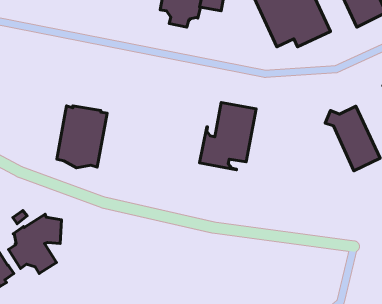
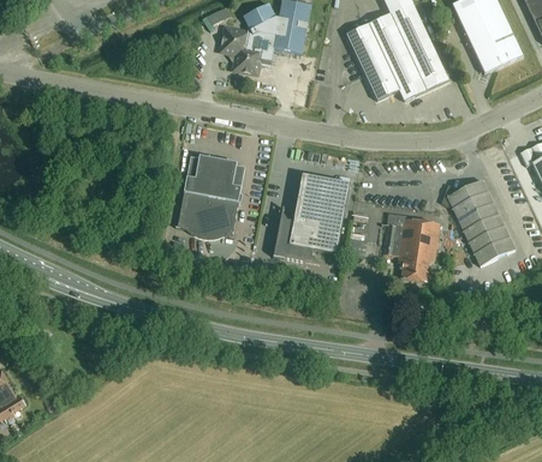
building: [57,106,107,168] -> [178,155,245,238]
building: none -> [383,212,440,281]
building: [9,214,62,274] -> none

